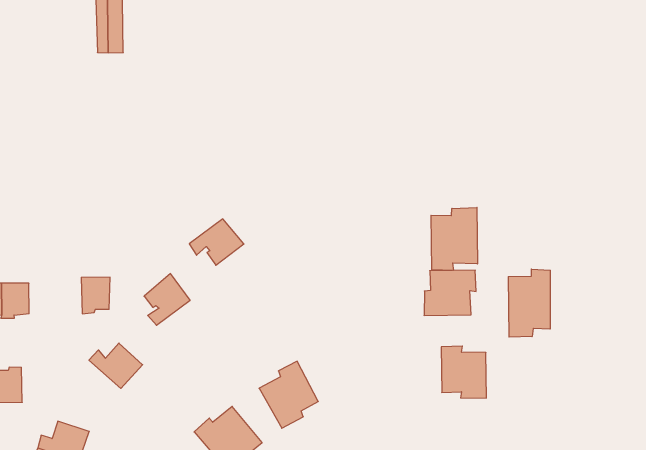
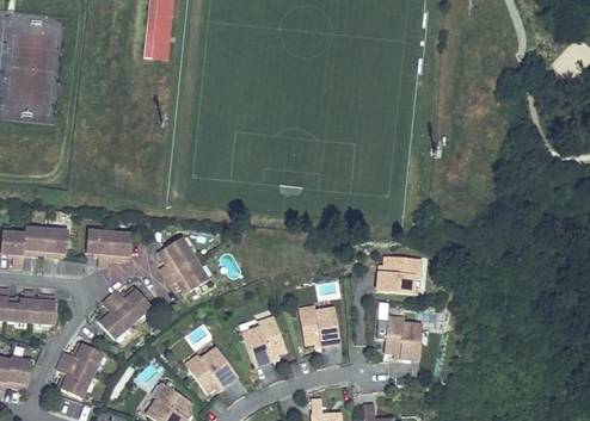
building: [431,207,477,270] -> none
building: [189,219,244,265] -> [166,259,209,295]
building: [508,269,550,337] -> none
building: none -> [86,230,111,267]
building: none -> [299,305,339,346]
building: none -> [97,297,133,339]

